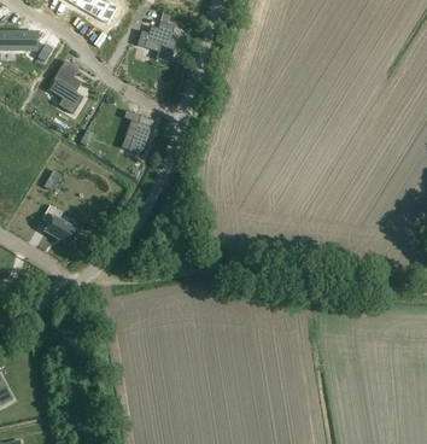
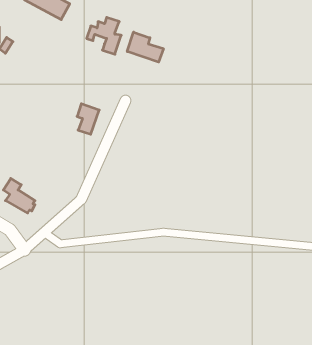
building: none -> [127,32,163,62]
building: [48,62,83,109] -> none

